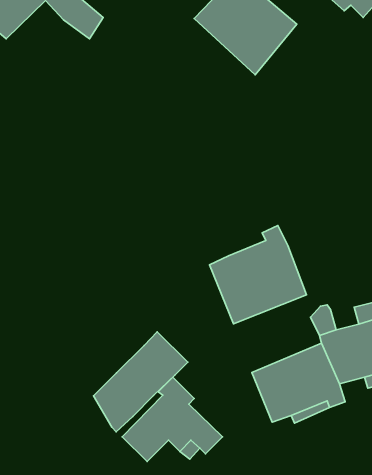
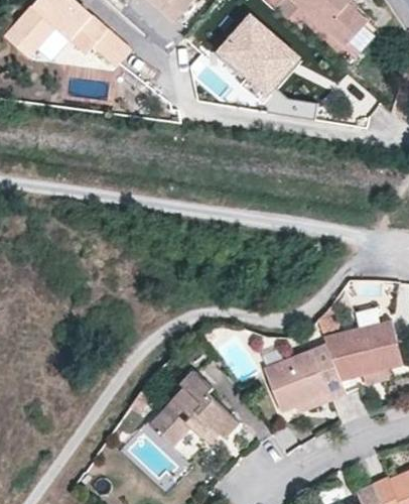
building: [210,225,307,324] -> none
building: [93,332,188,432] -> none

